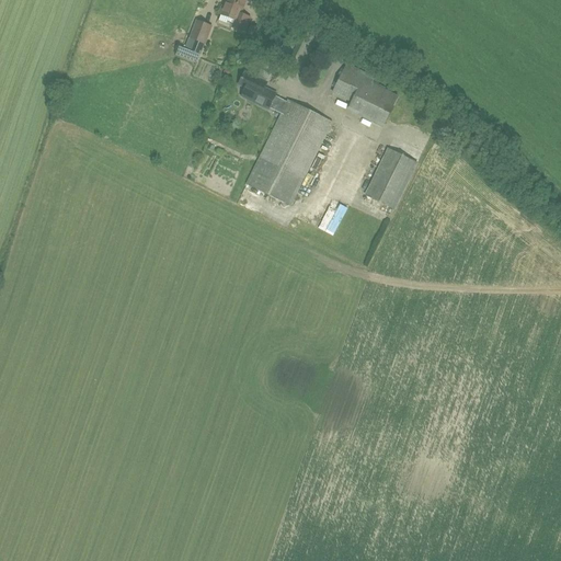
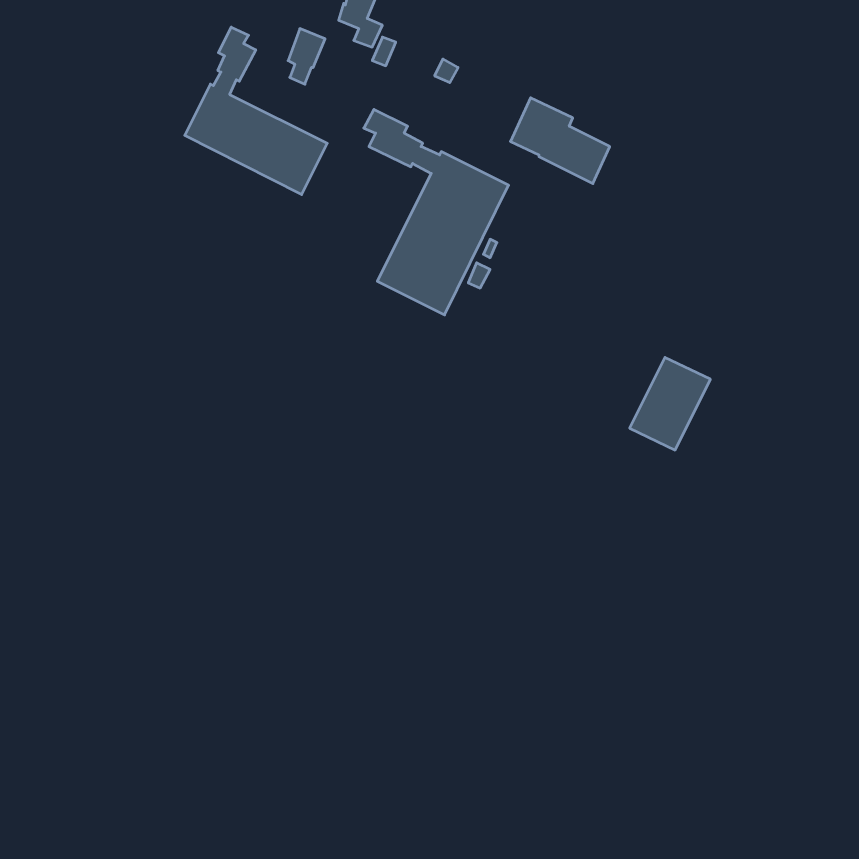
building: none -> [185,27,327,195]
building: [364,148,416,208] -> [630,357,710,450]

